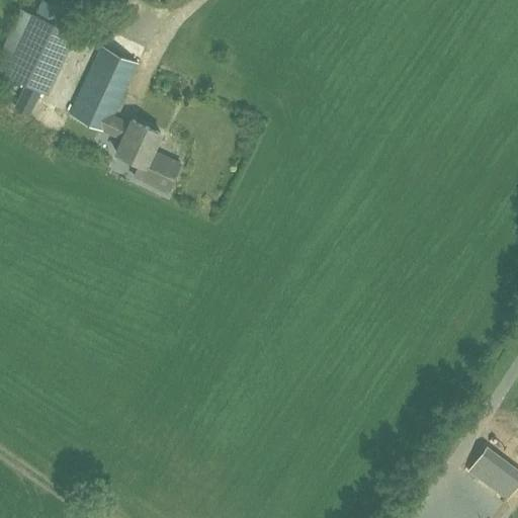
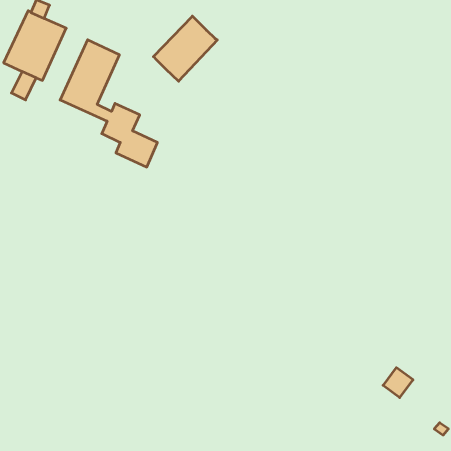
building: none -> [153,16,217,81]
building: [468,450,503,485] -> [383,368,413,398]

